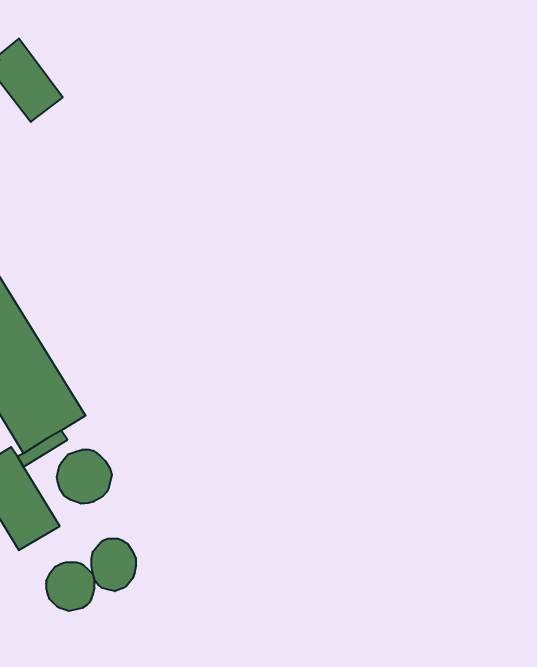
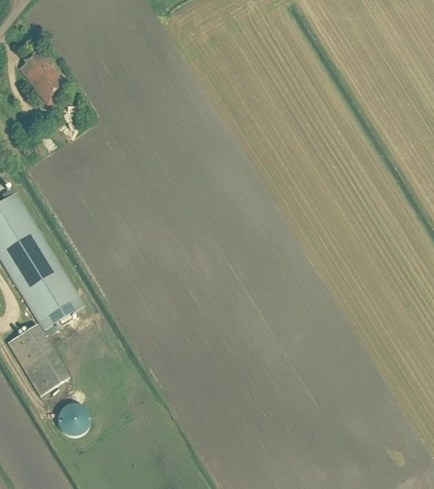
building: [57,449,112,504] -> none
building: [91,539,136,591] -> none

